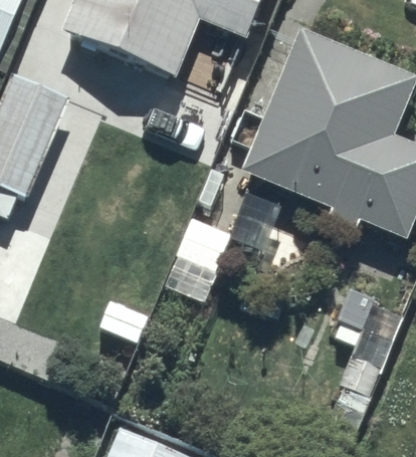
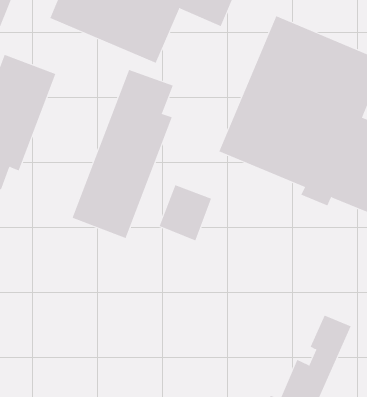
building: none -> [72,69,173,239]

